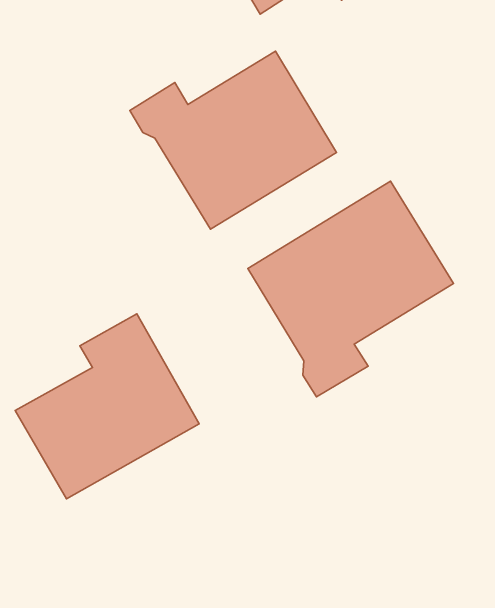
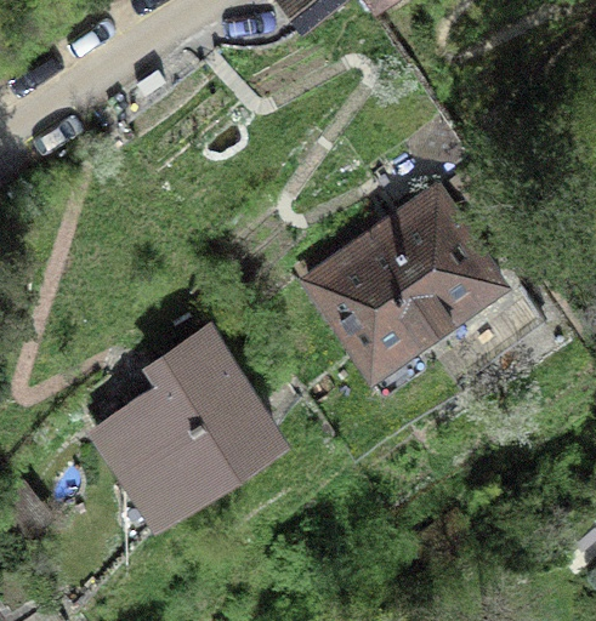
building: [130,51,336,229] -> none

